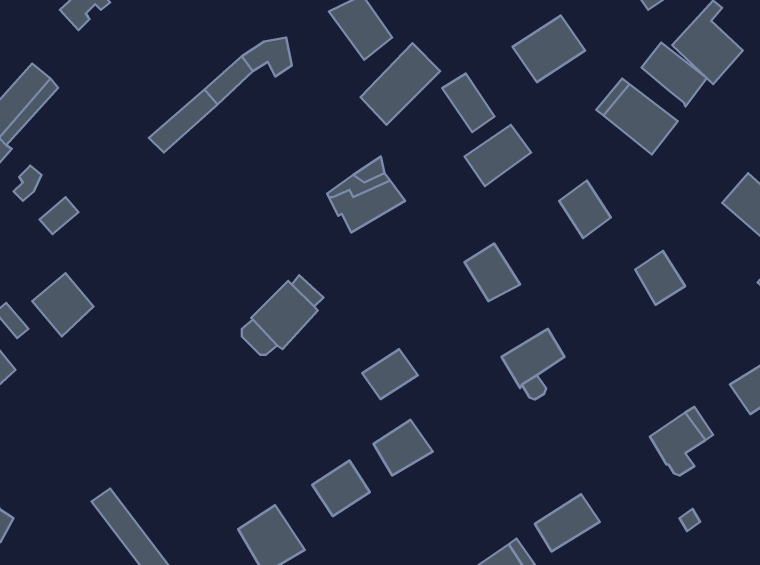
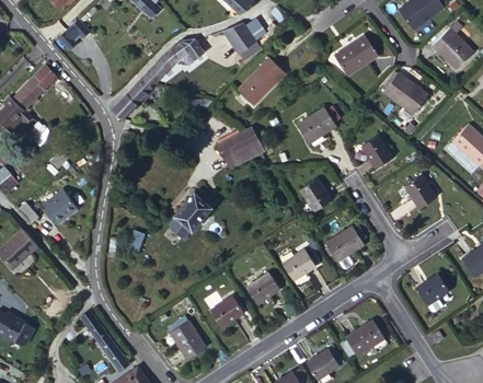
building: [642,42,707,107] -> none
building: [442,73,494,132] -> none
building: [362,349,418,399] -> [286,251,319,280]

